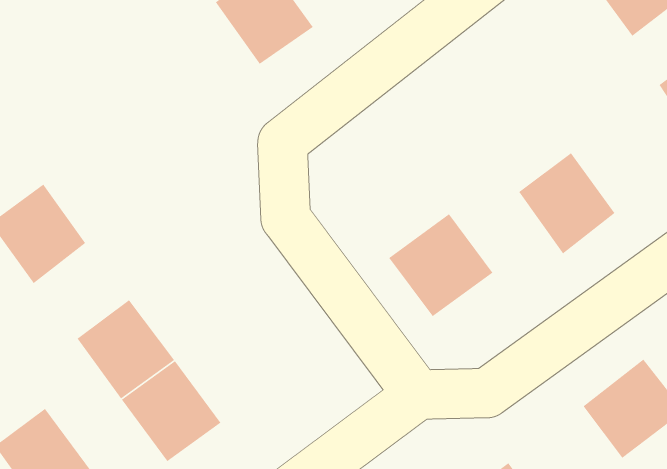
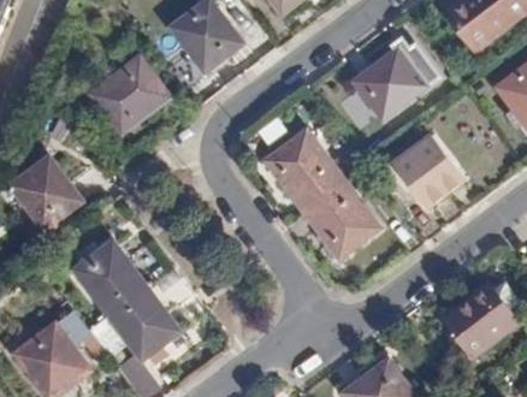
building: none -> [354,35,442,119]
building: none -> [94,57,170,131]
building: none -> [265,134,343,211]

